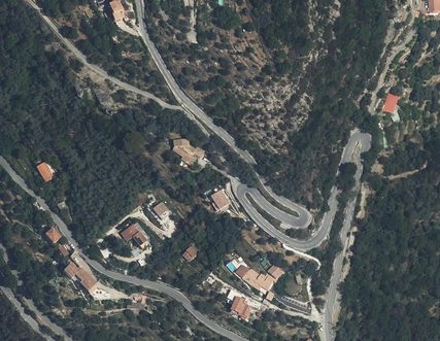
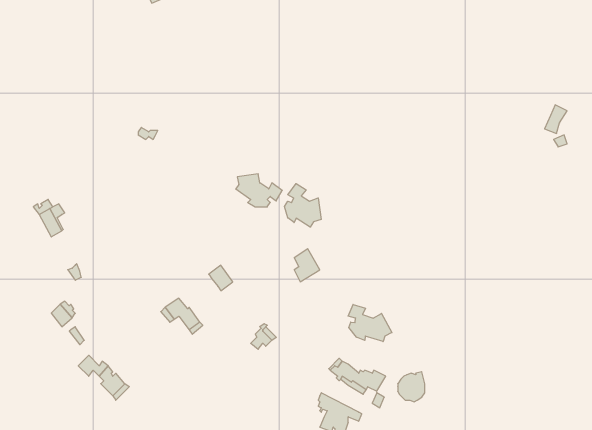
building: none -> [285,184,321,227]
building: none -> [348,304,392,342]

